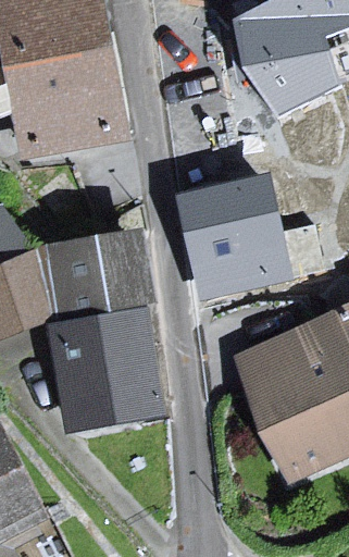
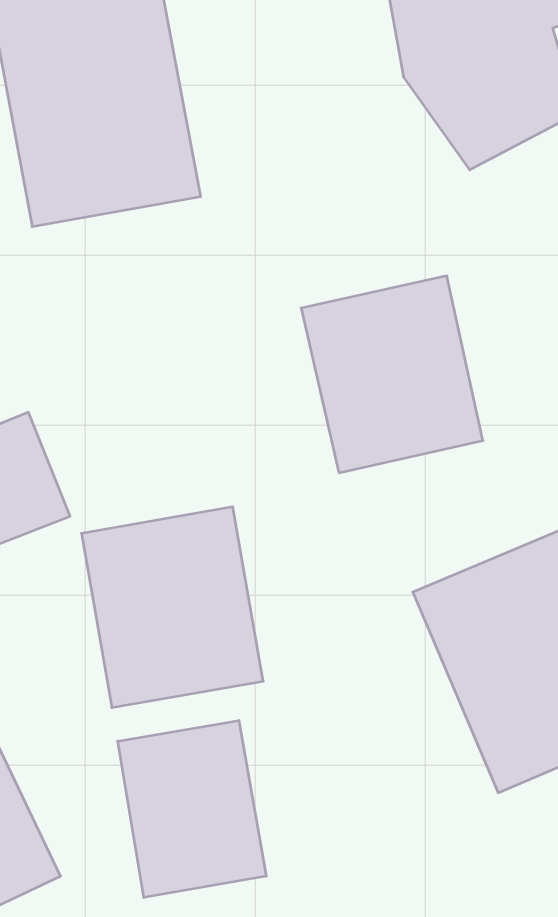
building: [51,234,144,309] -> none
building: none -> [118,720,266,898]

